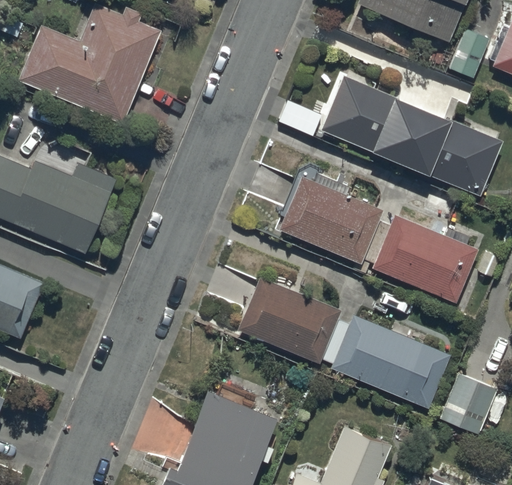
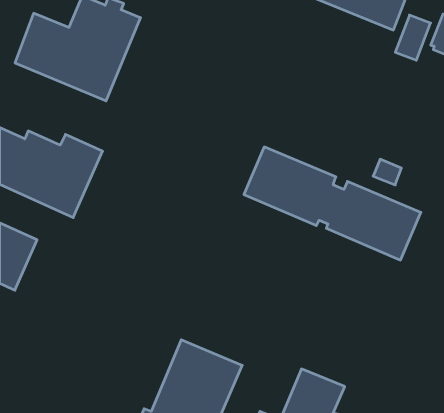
building: [320,77,501,196] -> none
building: [237,277,438,404] -> none
building: [441,373,498,434] -> none

